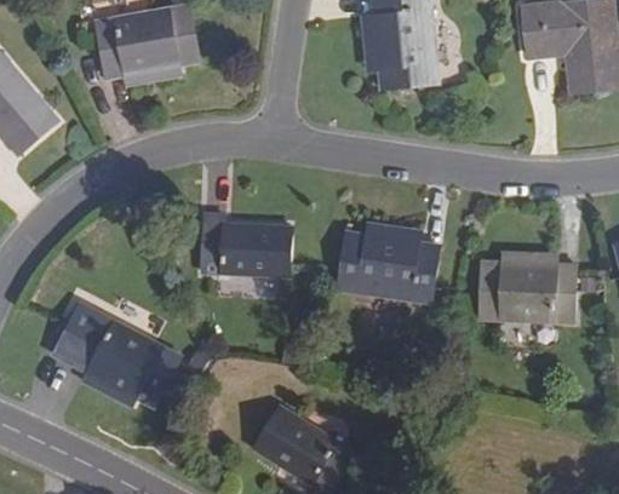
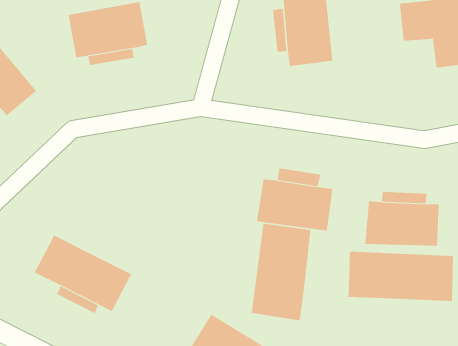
building: [201,213,291,275] -> none
building: none -> [251,223,311,321]
building: none -> [348,251,454,302]

